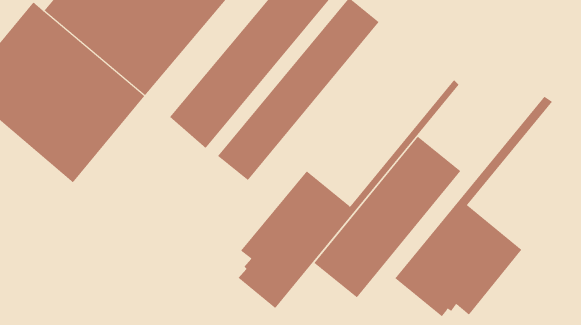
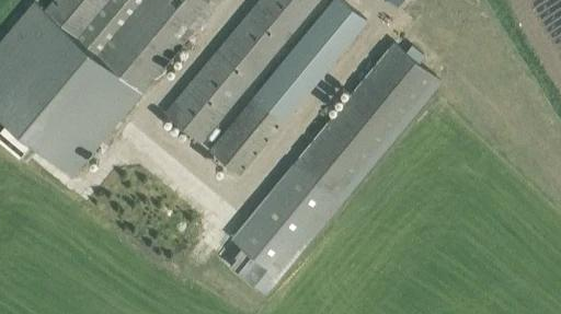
building: [395,96,553,317] -> none
building: [314,136,461,298] -> [295,44,436,199]

